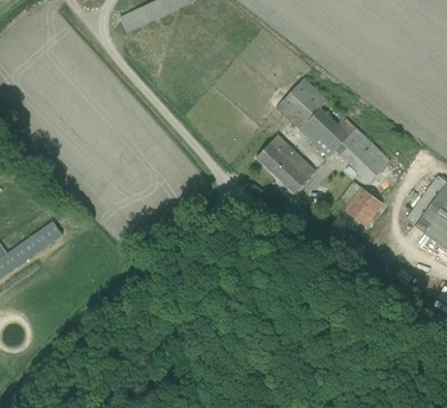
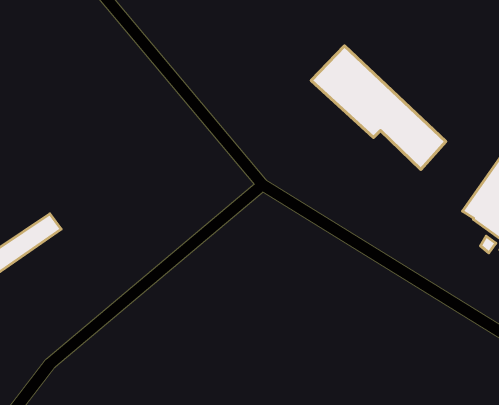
building: [256,135,315,193] -> none
building: [337,181,382,225] -> none

